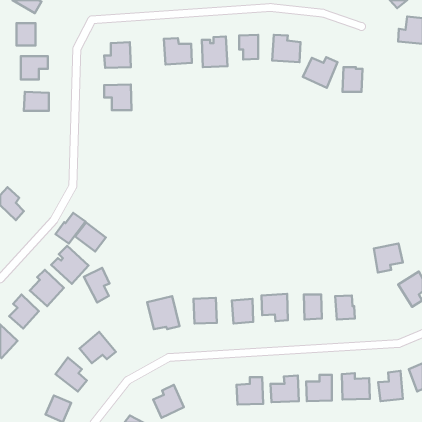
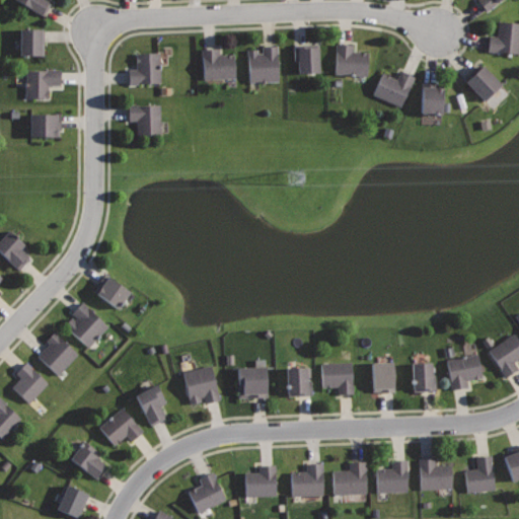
building: none -> [463,63,501,101]
building: [55,213,85,244] -> none
building: [374,243,403,272] -> [447,354,483,389]
building: [84,268,110,302] -> [135,384,166,427]
building: none -> [245,465,276,496]

